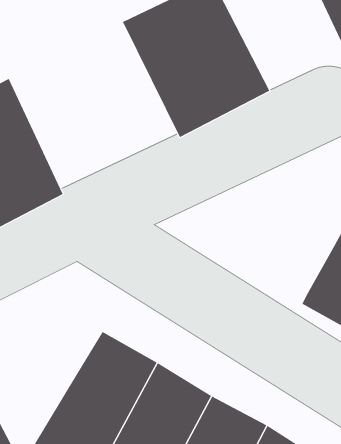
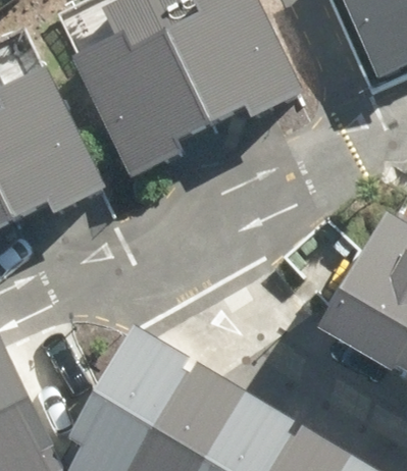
building: none -> [72,23,209,176]

